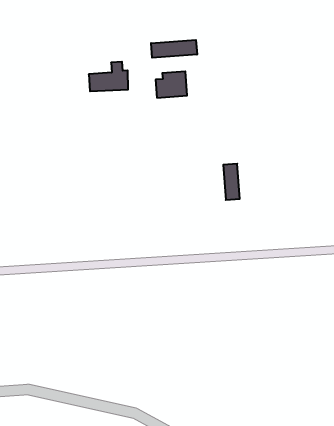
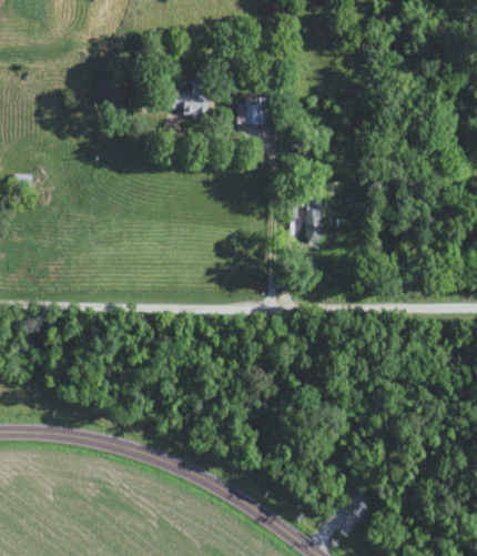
building: [151,40,197,58] -> none

